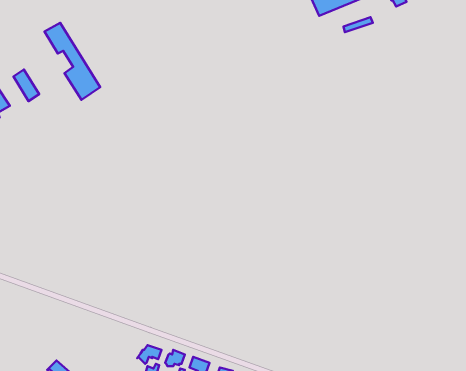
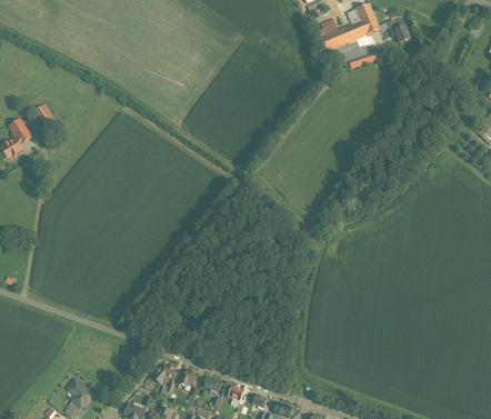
building: [45,23,100,100] -> none

